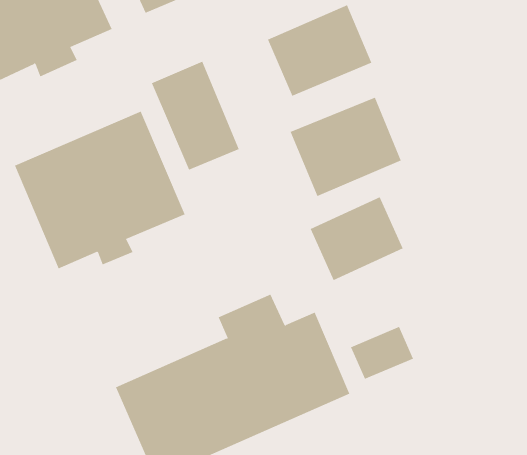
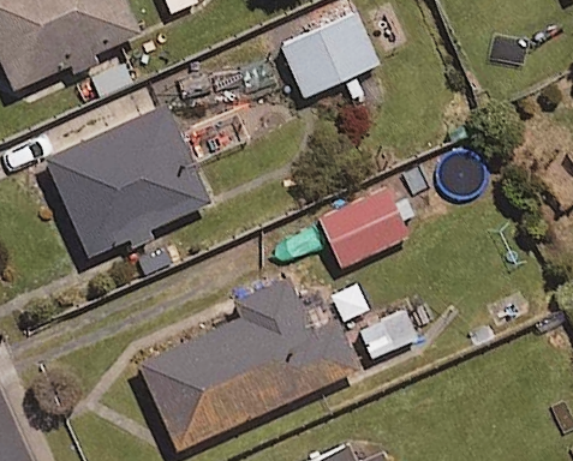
building: [151,61,239,171] -> none
building: [290,97,402,197] -> none

